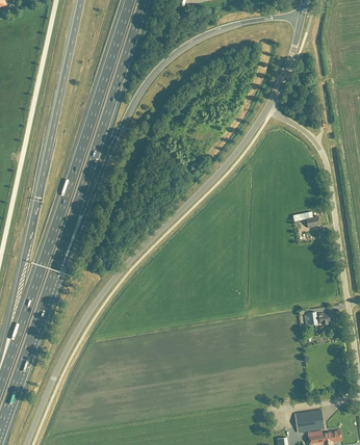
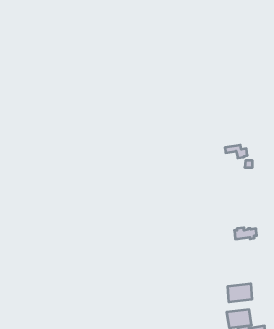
building: none -> [228,284,252,302]

